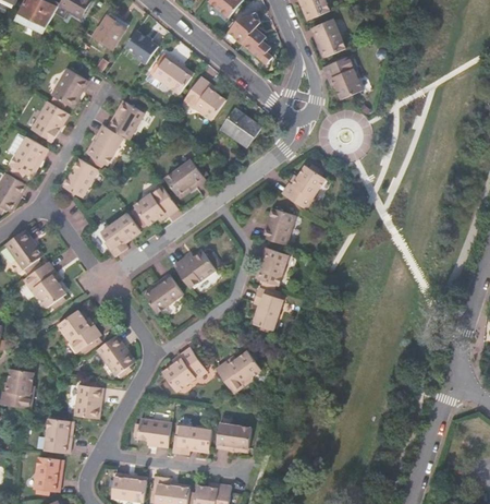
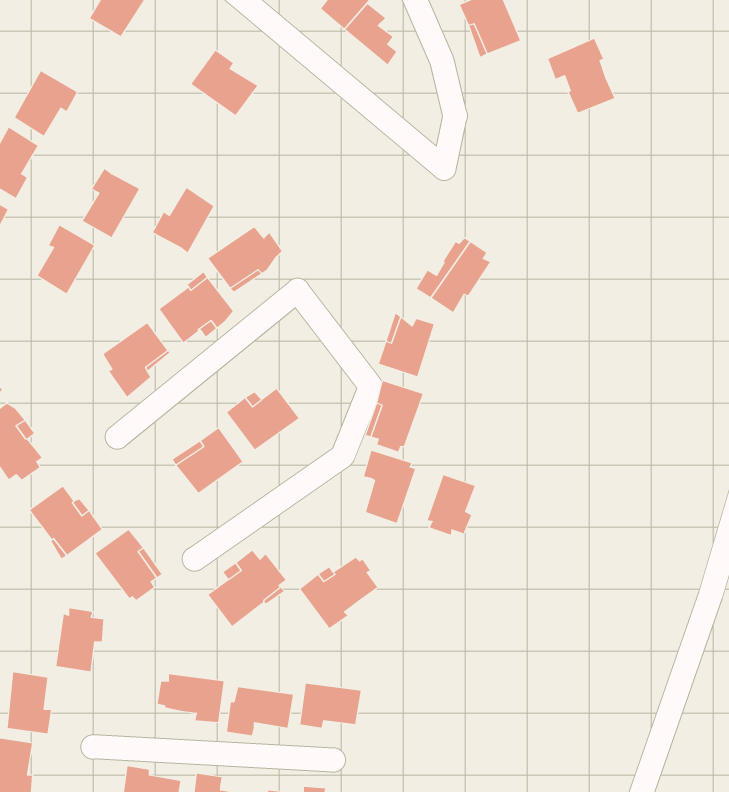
building: [121,36,154,69] -> none
building: [321,57,360,100] -> [548,38,615,113]
building: [185,76,224,119] -> none
building: [107,101,143,140] -> [152,187,214,253]
building: [220,108,259,146] -> none
building: none -> [427,474,476,535]

